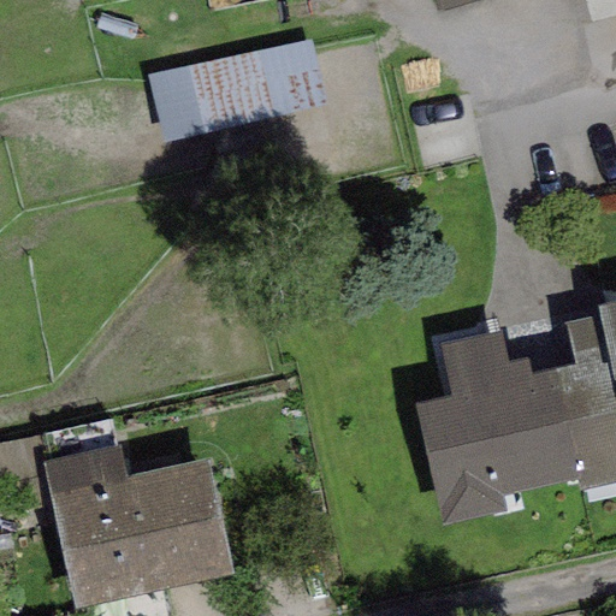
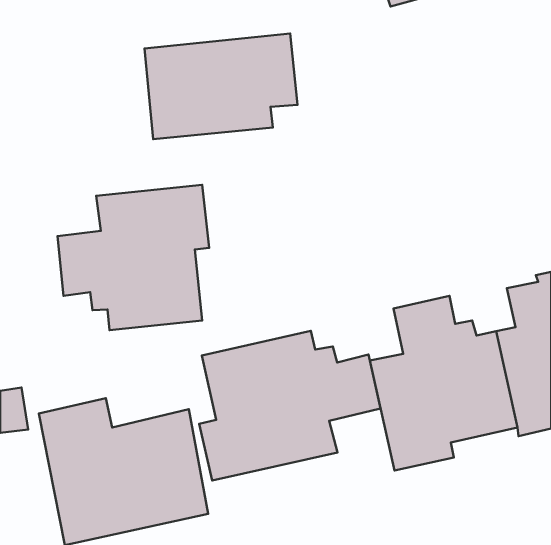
building: none -> [57,185,209,330]
building: none -> [199,331,380,481]

